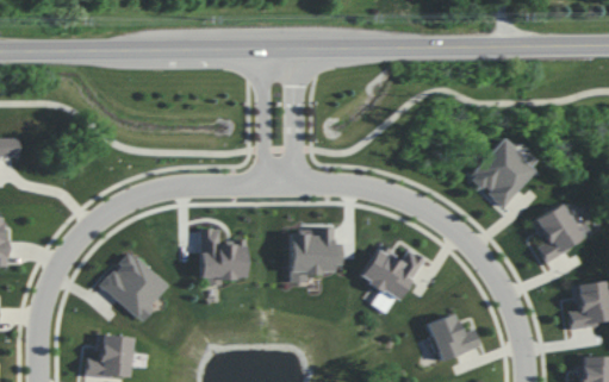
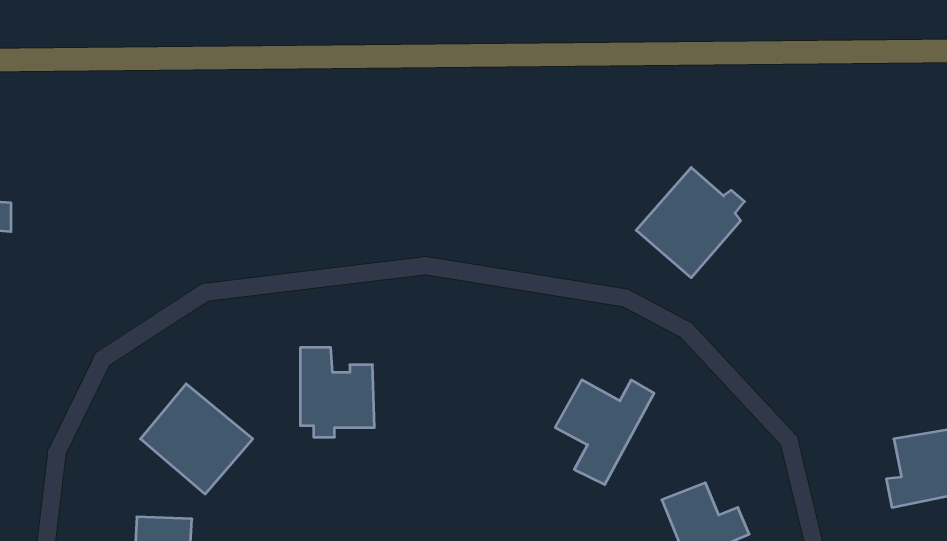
building: [468,138,536,207] -> [636,167,745,278]
building: [530,203,583,262] -> none
building: [290,228,343,282] -> none

